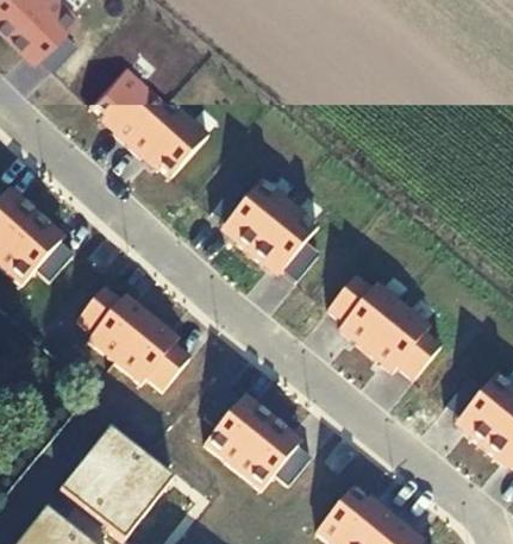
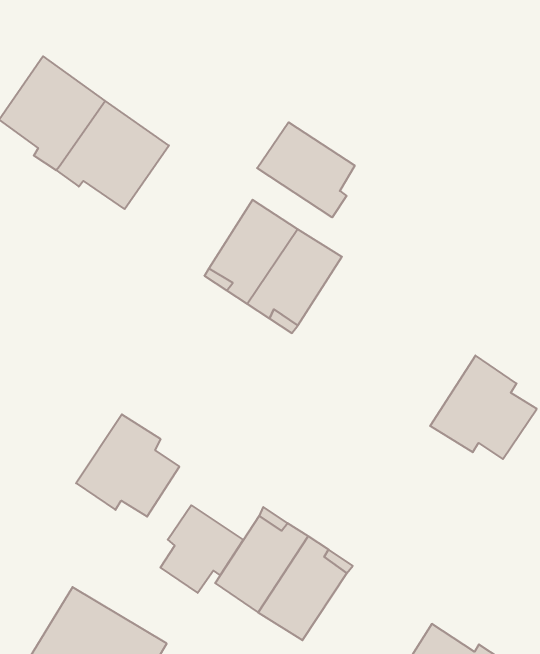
building: none -> [257,122,355,217]
building: [326,277,401,351] -> none
building: [76,288,150,362] -> none
building: none -> [160,505,243,593]

